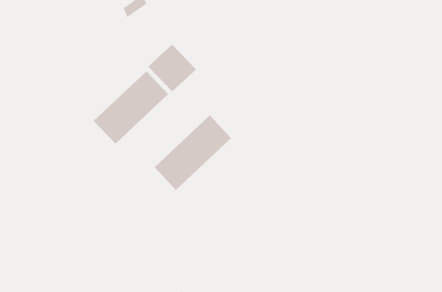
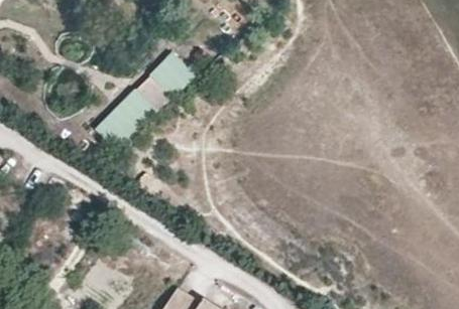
building: [154,114,232,191] -> none

